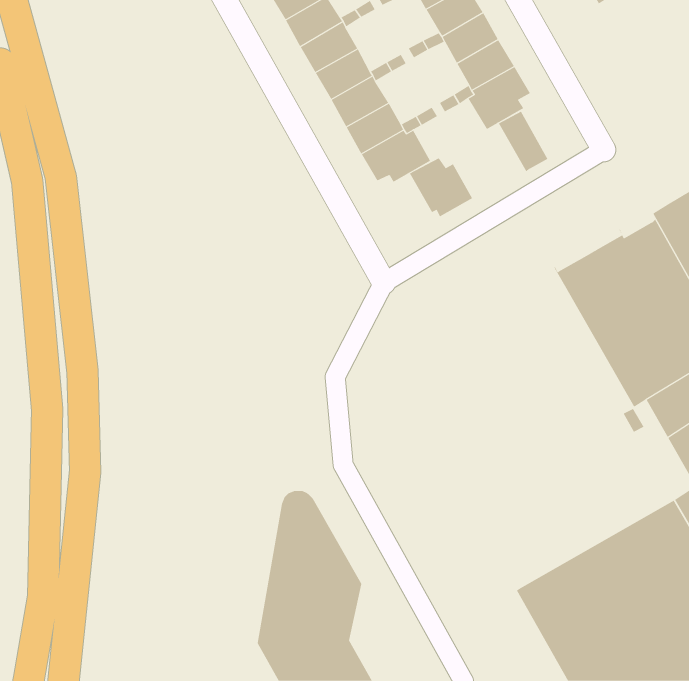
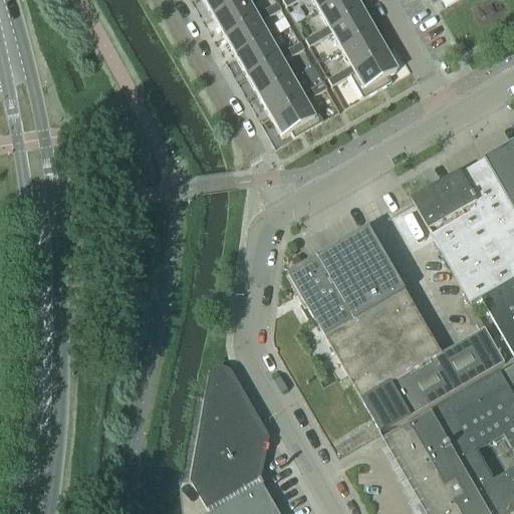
building: [498,111,548,172] -> none
building: [409,157,473,217] -> none
building: none -> [289,226,505,430]

